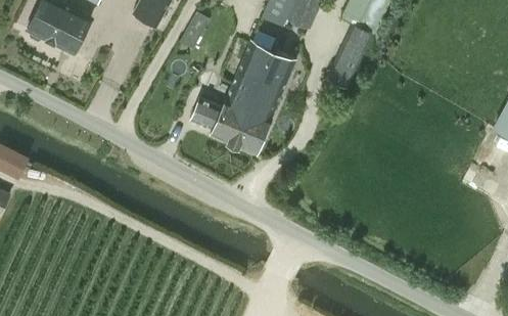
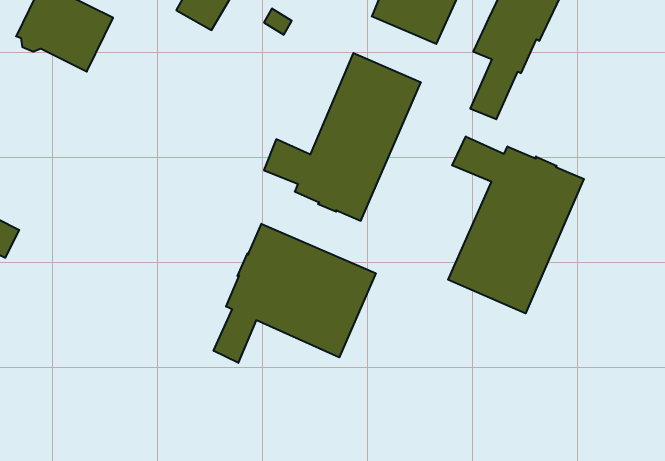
building: none -> [448,136,584,313]
building: none -> [214,224,376,363]

